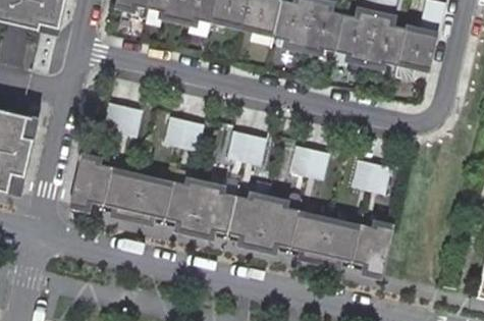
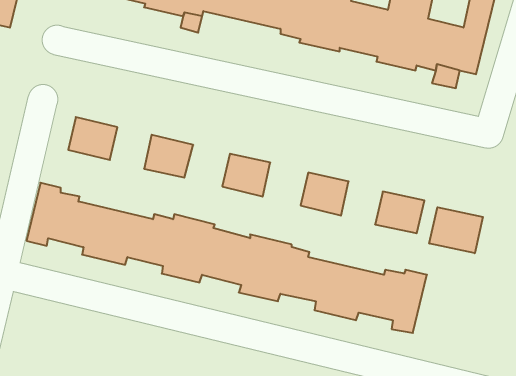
building: none -> [429,207,483,253]

